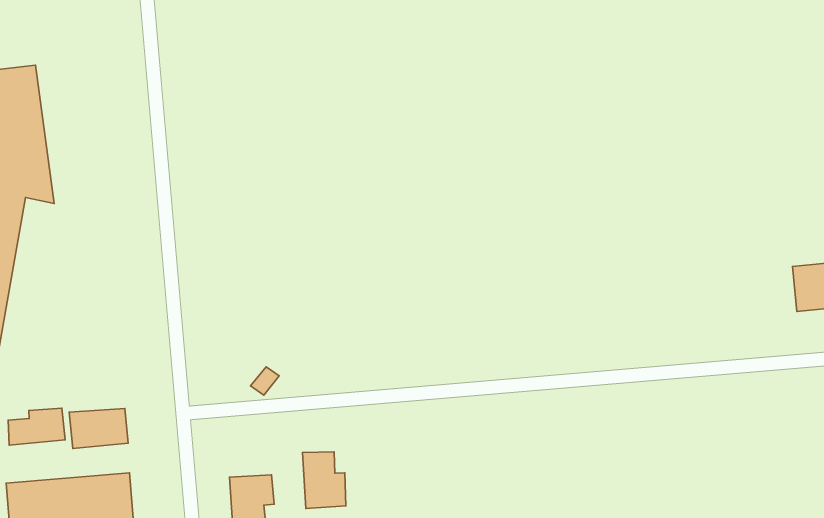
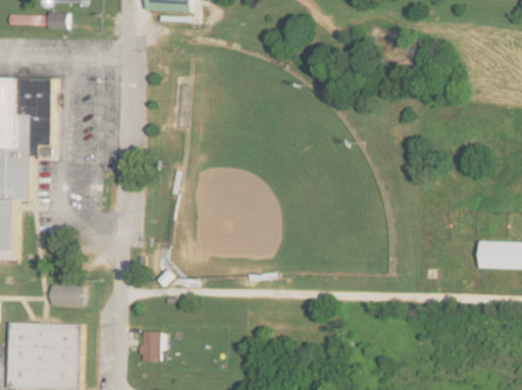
building: [8,408,65,445] -> none
building: [302,452,346,509] -> none

